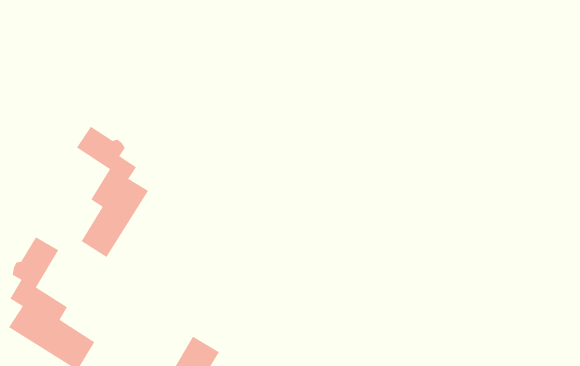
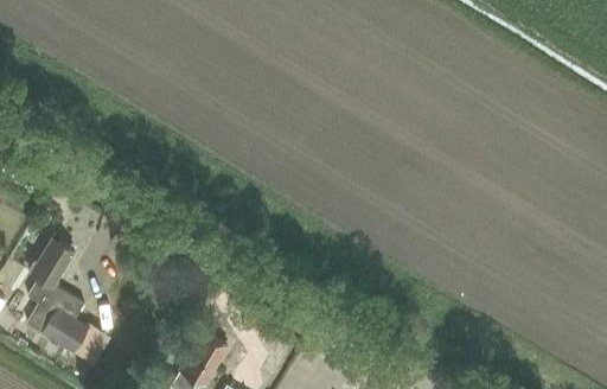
building: [76,126,149,258] -> none

